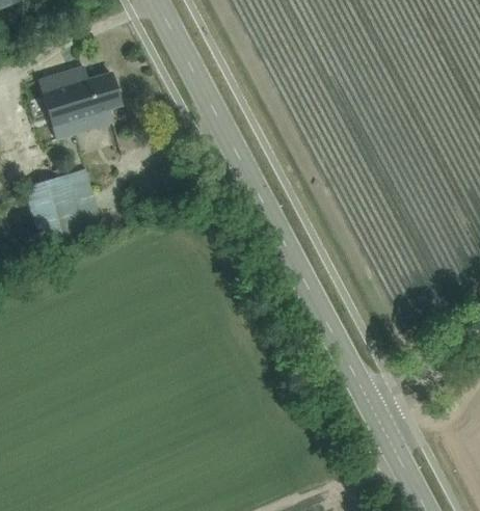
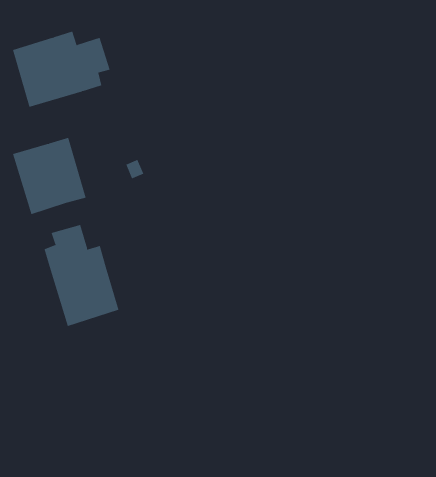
building: none -> [44,224,119,327]

